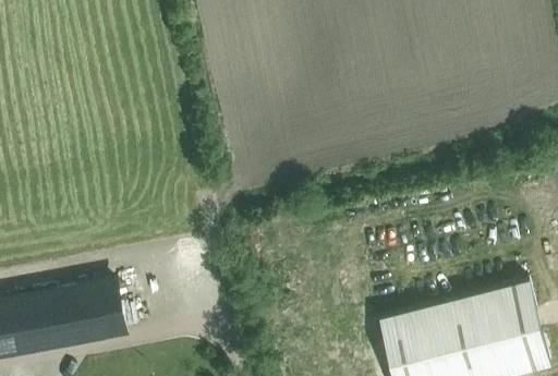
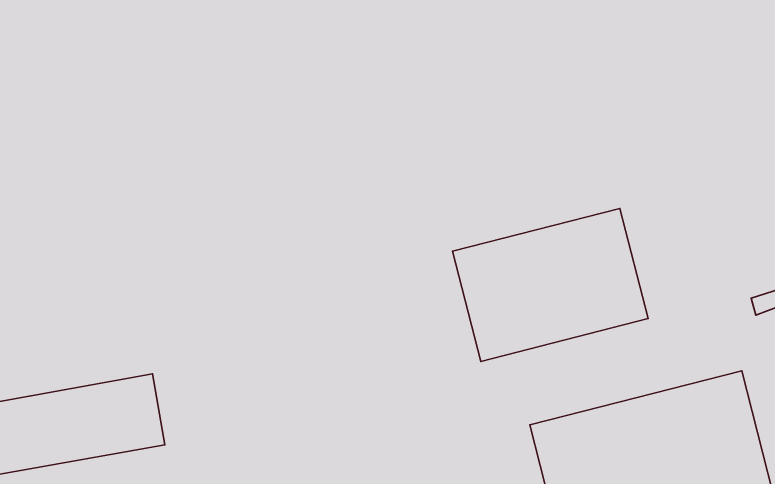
building: none -> [452,208,648,361]

